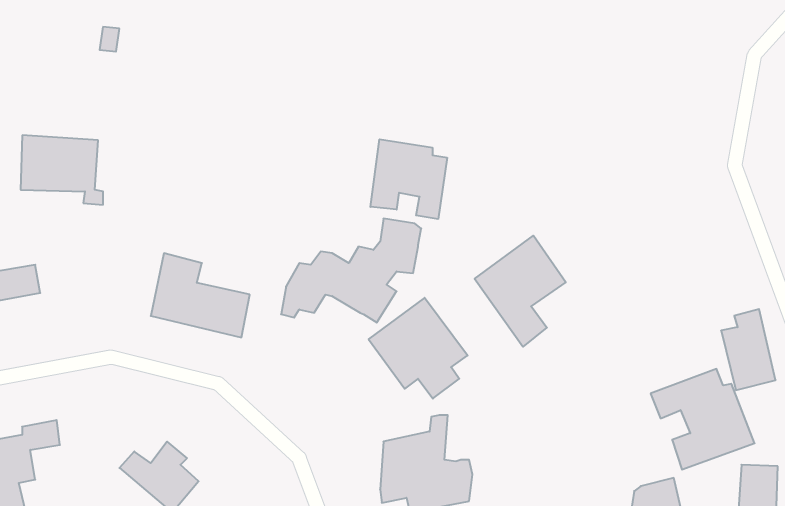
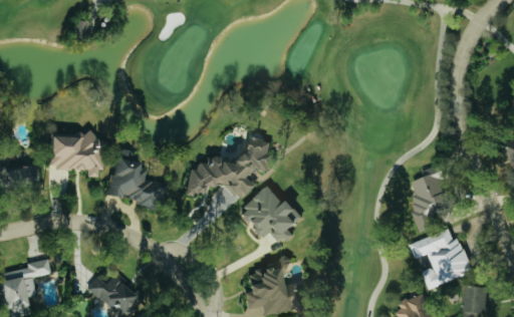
building: [21,135,103,205] -> [46,135,96,178]
building: [370,139,447,219] -> none
building: [475,236,566,347] -> none
building: [721,309,776,390] -> [413,167,446,216]

